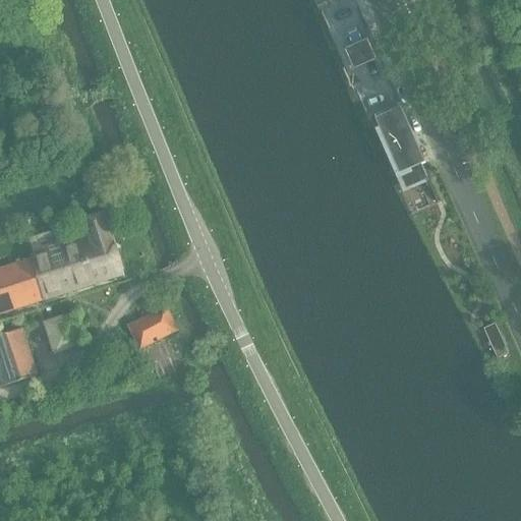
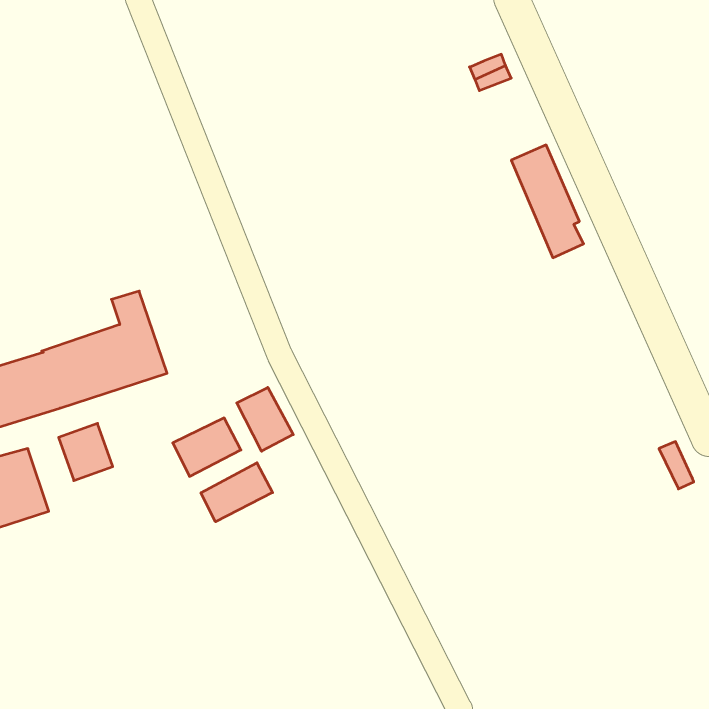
building: none -> [237,387,293,451]
building: none -> [201,463,273,522]

